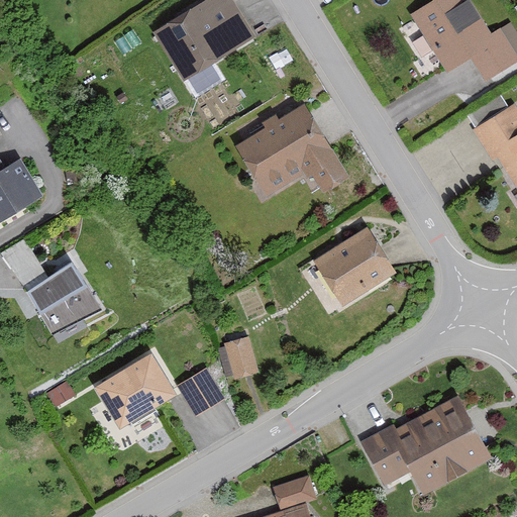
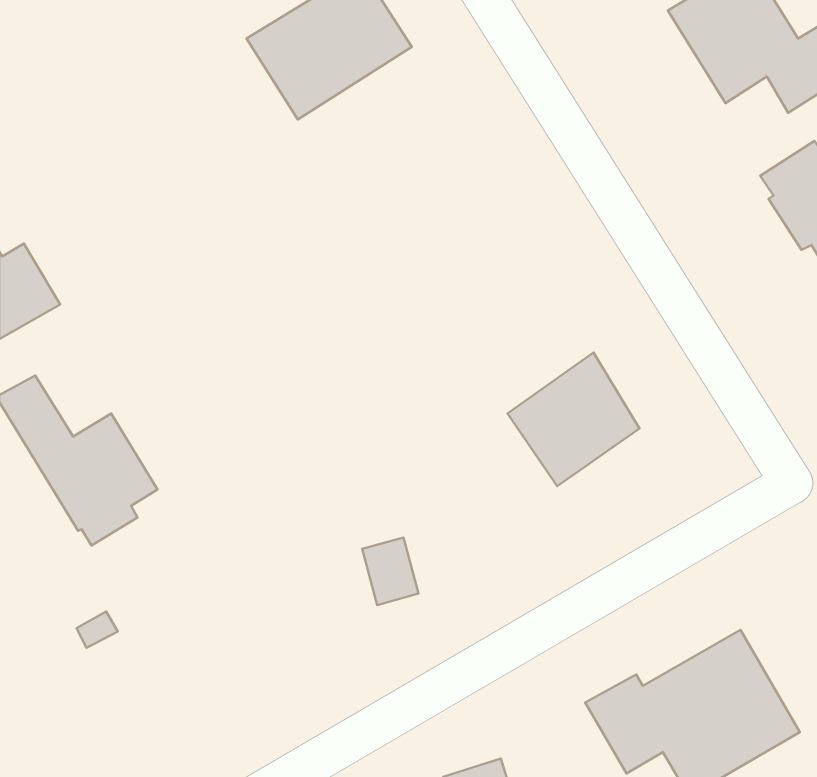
building: [235,106,346,197] -> none
building: [93,354,174,429] -> none
building: [178,369,225,417] -> none

